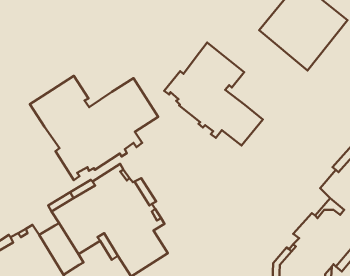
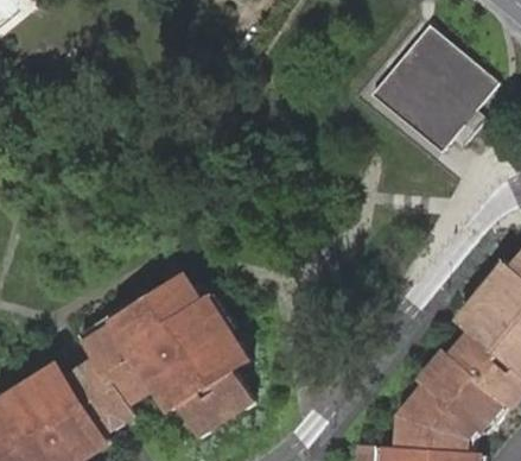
building: [164,43,263,146] -> none
building: [30,76,158,180] -> none

